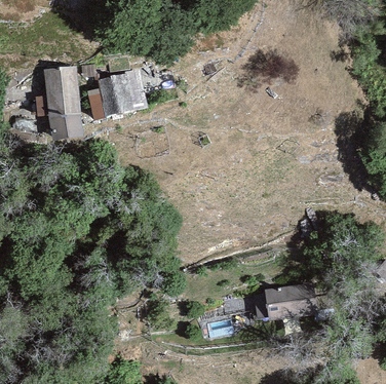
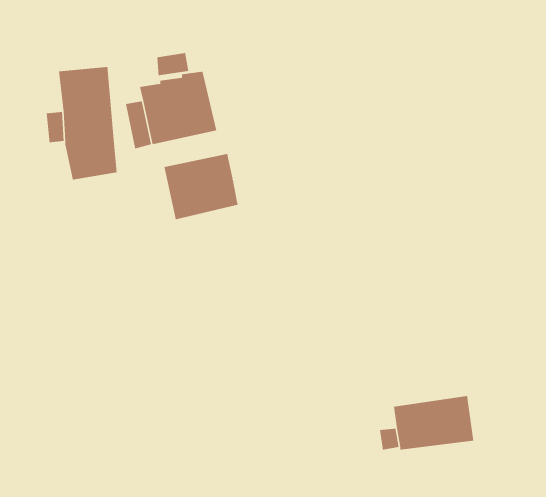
building: none -> [164,153,239,220]

